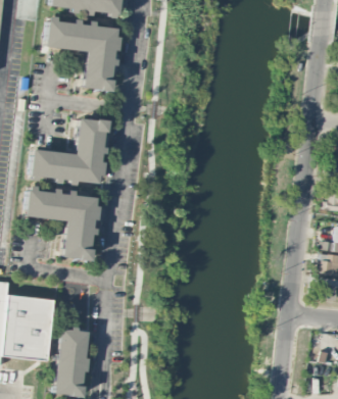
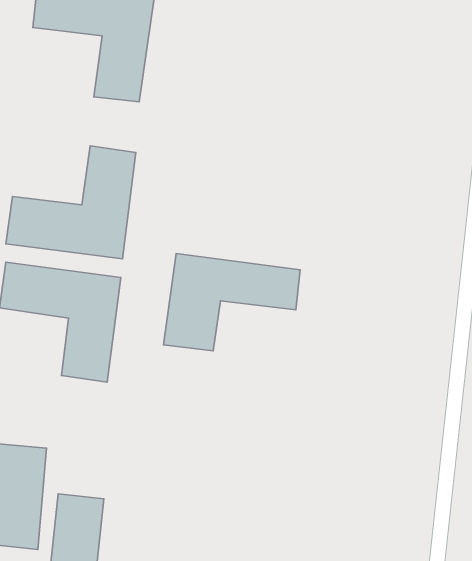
building: none -> [164,253,300,351]

